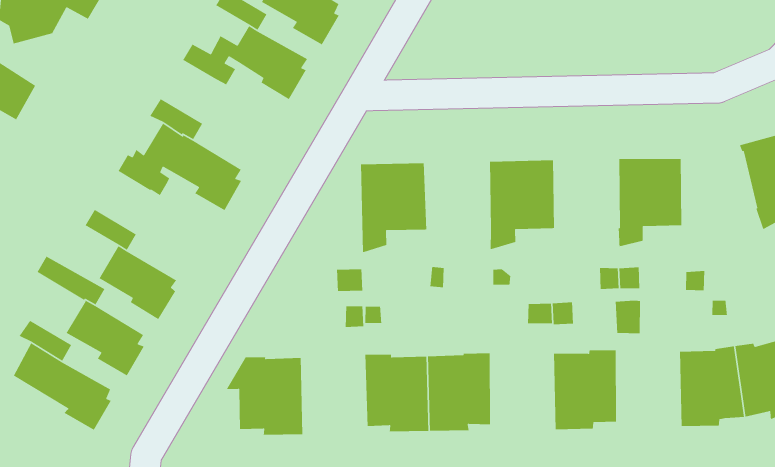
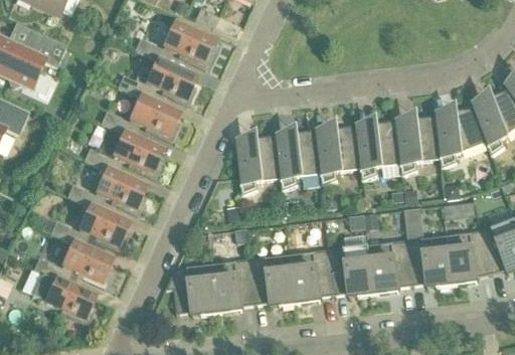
building: none -> [130,96,179,140]
building: none -> [435,107,486,167]
building: none -> [356,119,401,179]
building: none -> [276,129,321,189]
building: none -> [97,169,146,213]
building: none -> [407,235,453,286]
building: none -> [329,244,374,296]
building: none -> [211,257,256,312]

